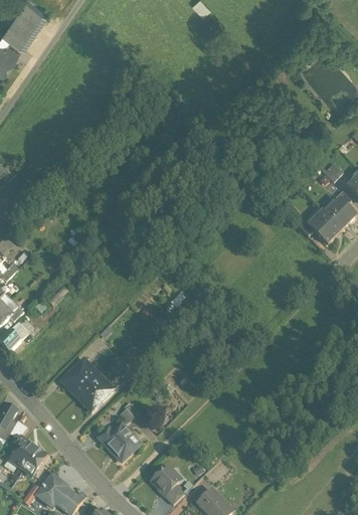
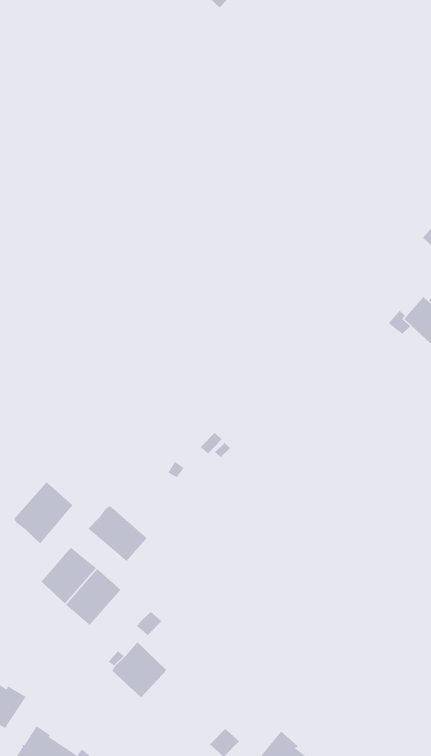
building: none -> [14,482,73,544]
building: none -> [88,505,148,562]
building: [150,468,178,493] -> none

